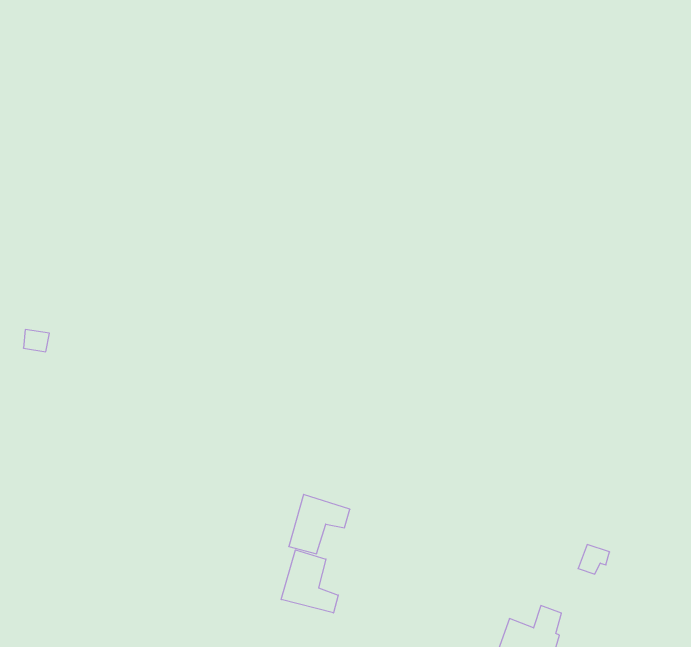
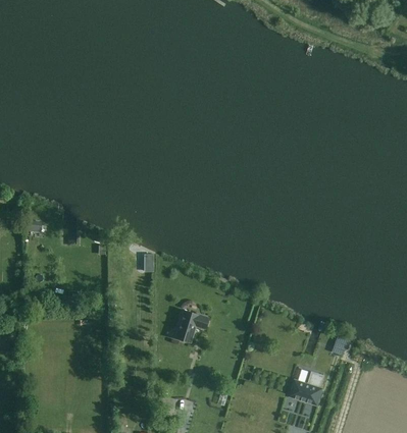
building: [281,550,338,613] -> none

